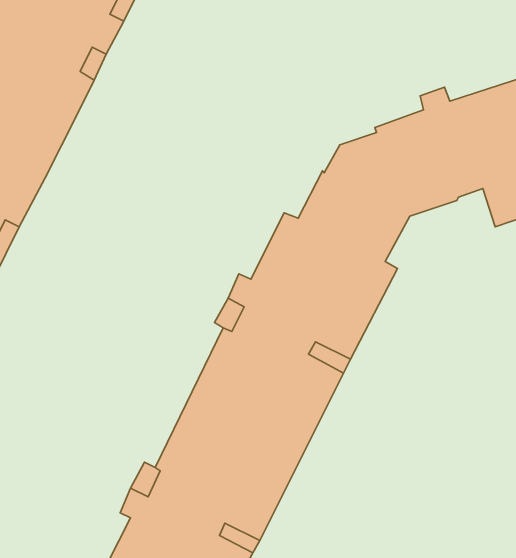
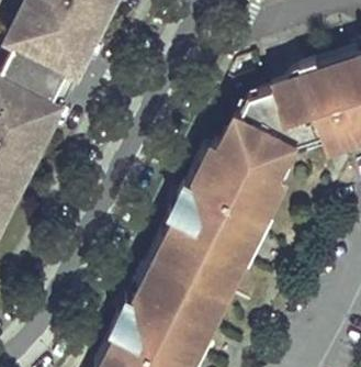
building: none -> [278,125,347,176]

